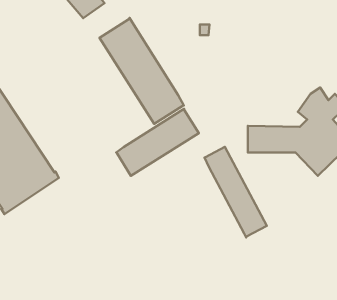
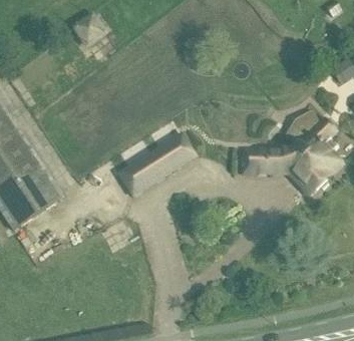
building: [99,18,184,124] -> none
building: [204,147,267,237] -> none

